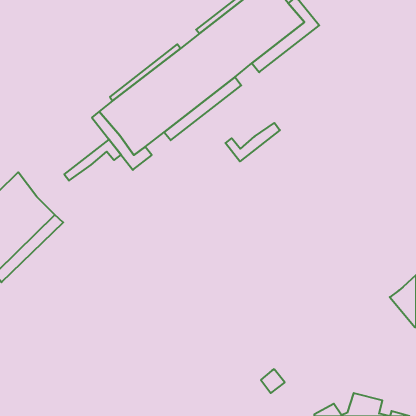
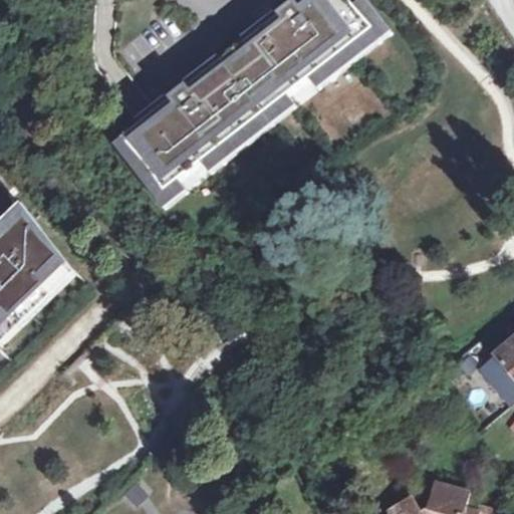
building: [225,123,280,161] -> none
building: [64,139,121,181] -> none

